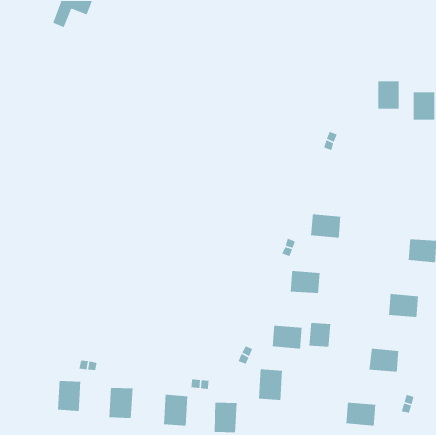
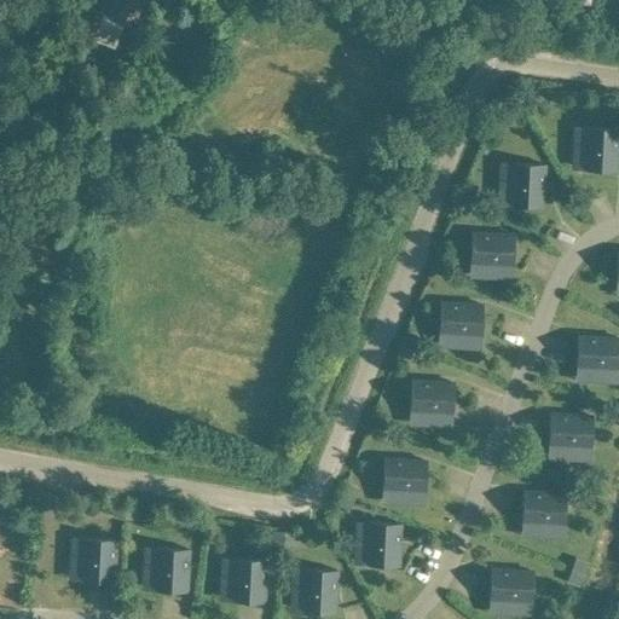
building: [377,80,400,109] -> [513,167,544,208]
building: none -> [473,237,514,268]
building: [309,322,331,348] -> none

